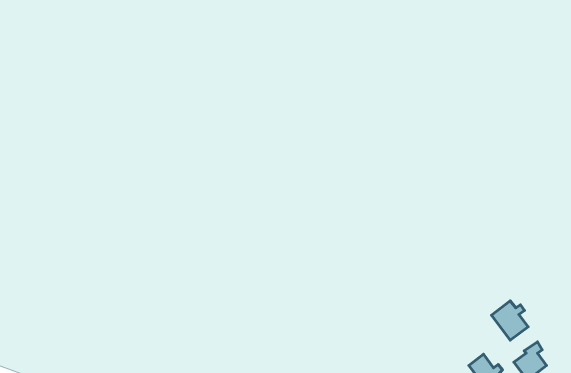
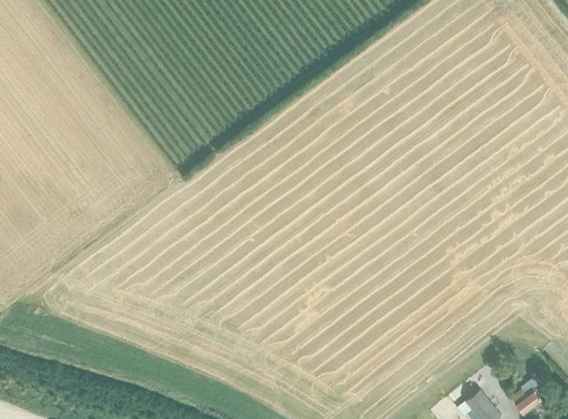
building: [492,301,528,340] -> none

